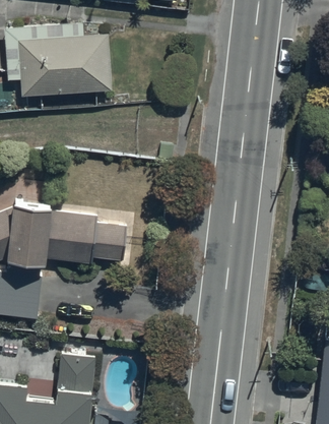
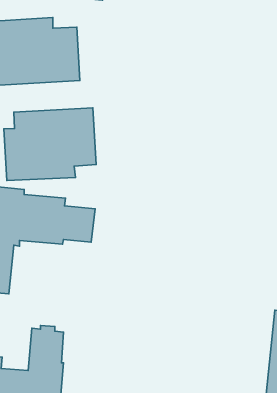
building: none -> [4,108,96,180]

